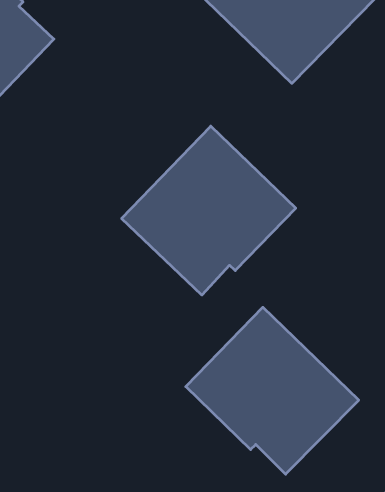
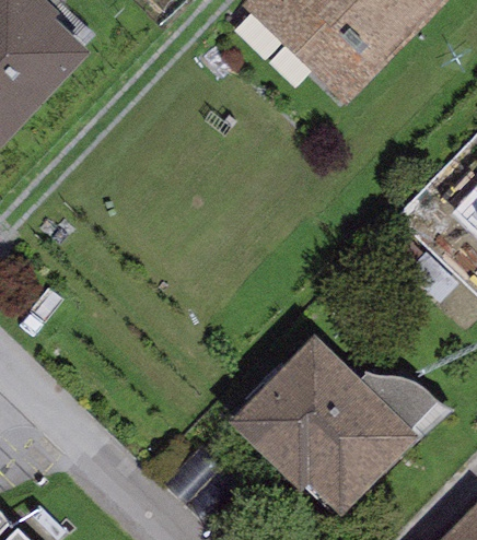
building: [122,126,296,295] -> none

